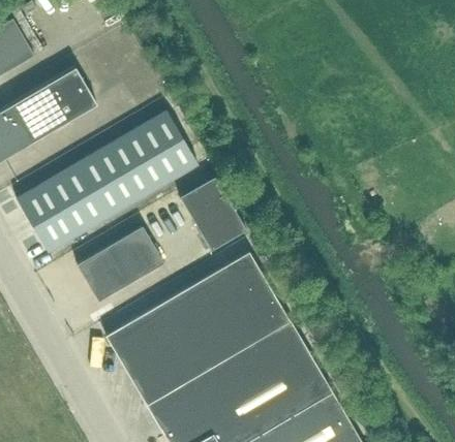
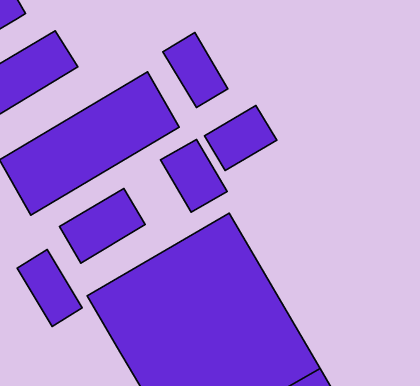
building: none -> [163,33,228,107]
building: none -> [204,106,277,170]
building: none -> [17,249,82,327]

